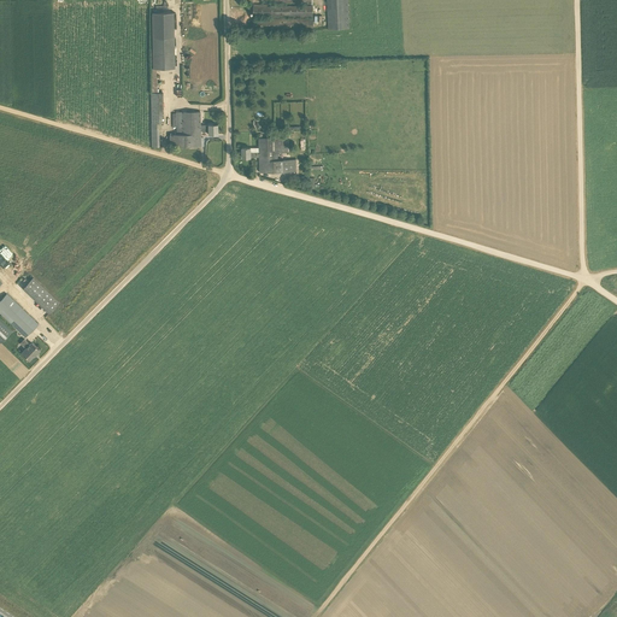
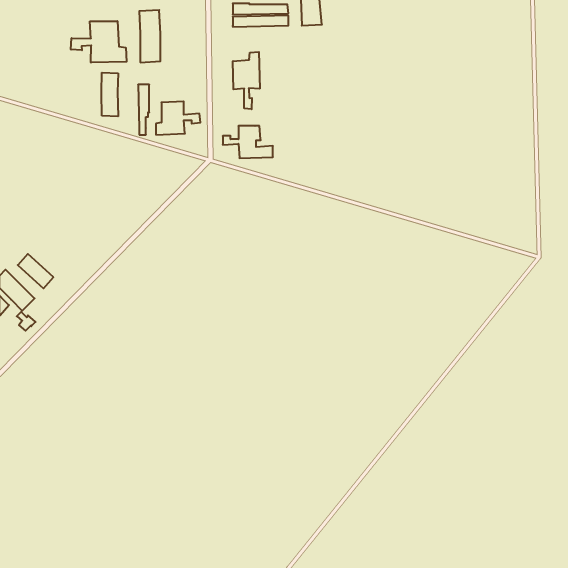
building: none -> [71,21,127,63]
building: none -> [233,52,260,109]
building: none -> [101,73,118,116]

